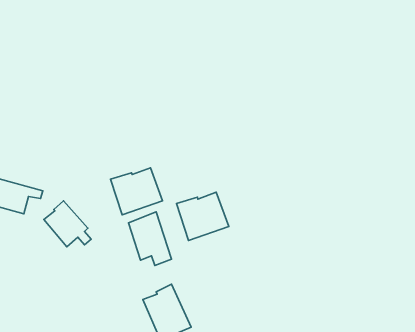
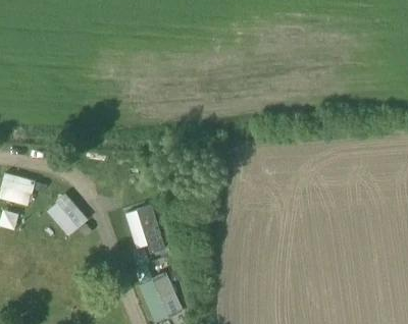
building: [110,168,163,215] -> none
building: [176,192,229,241] -> none

